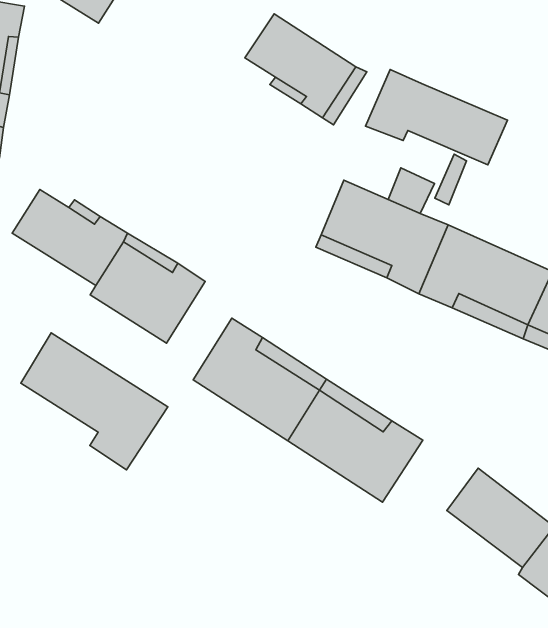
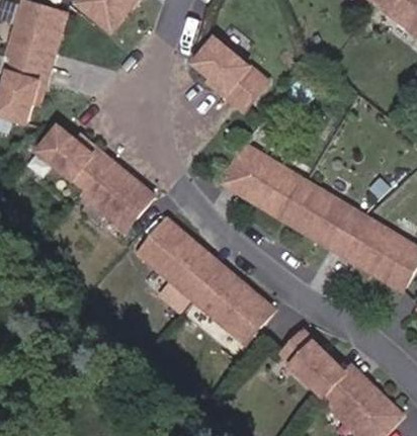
building: [366,70,508,165] -> none
building: [21,333,168,470] -> none

